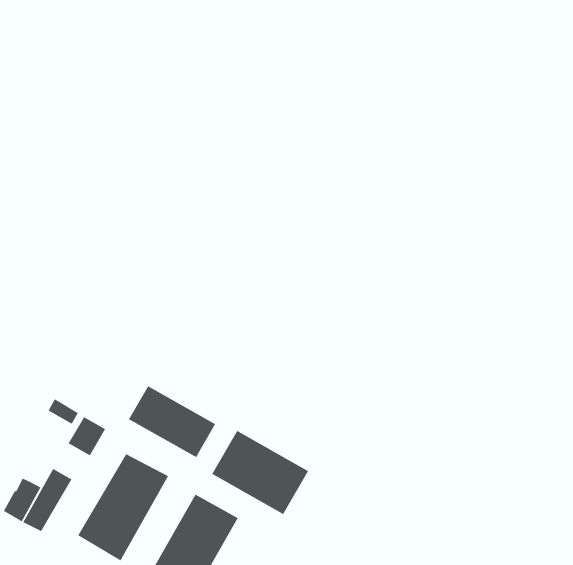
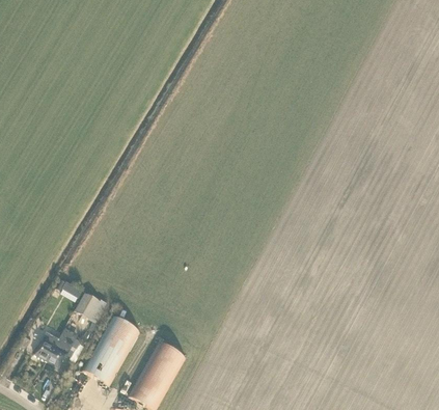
building: [128,385,216,458] -> none
building: [211,430,309,515] -> none

